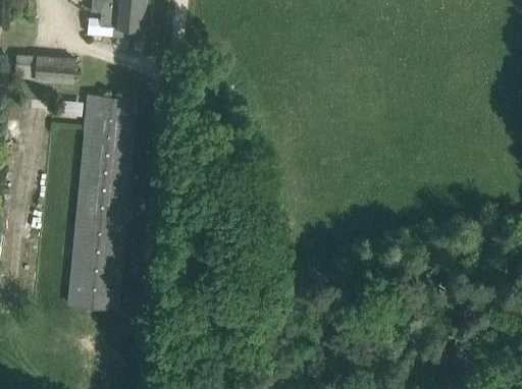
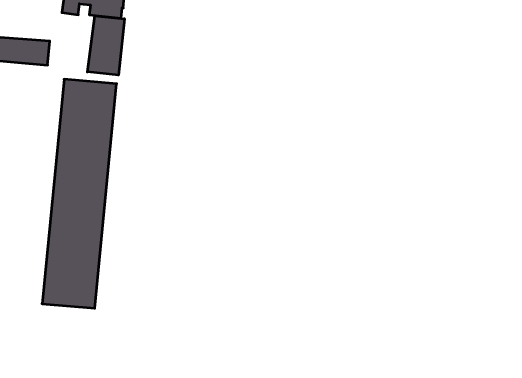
building: none -> [87,16,124,75]

